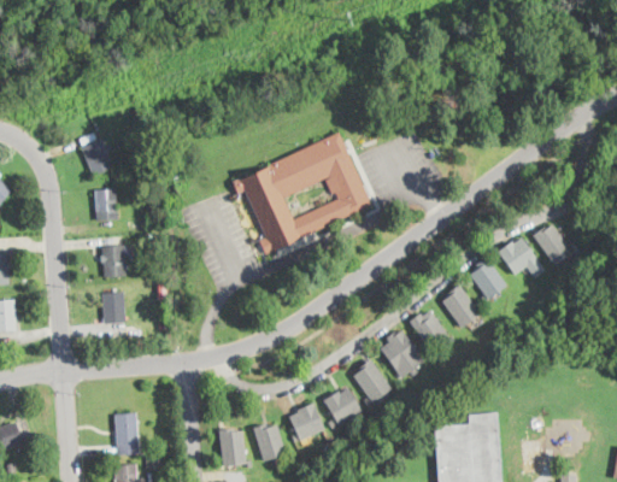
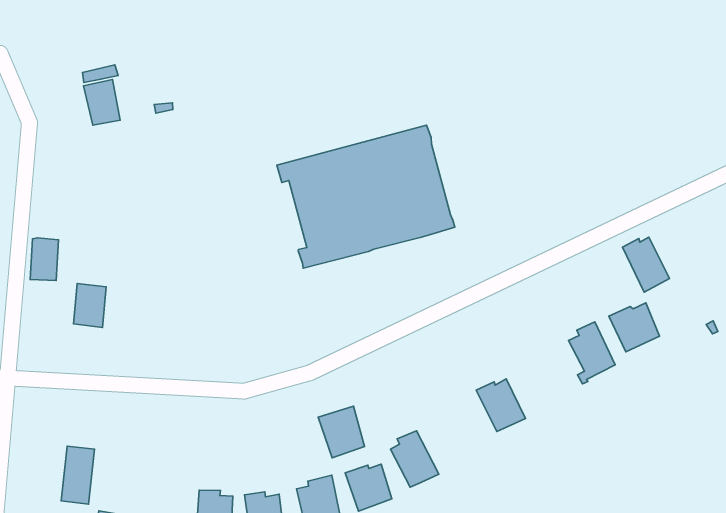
building: [95,189,118,221] -> none
building: [533,224,571,265] -> [622,237,670,292]
building: [101,246,124,278] -> [30,238,58,281]
building: [442,284,480,328] -> none
building: [380,330,424,377] -> none
building: none -> [318,406,365,458]

